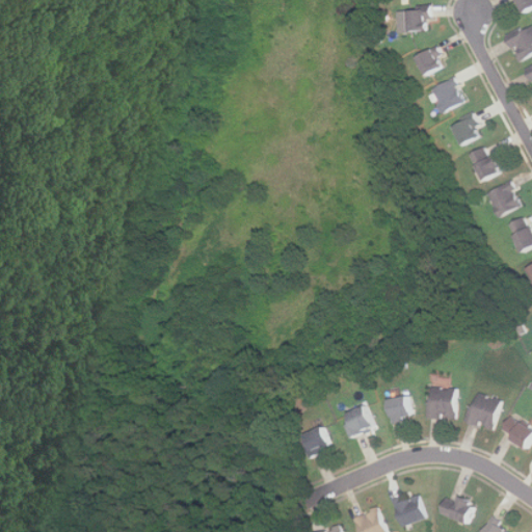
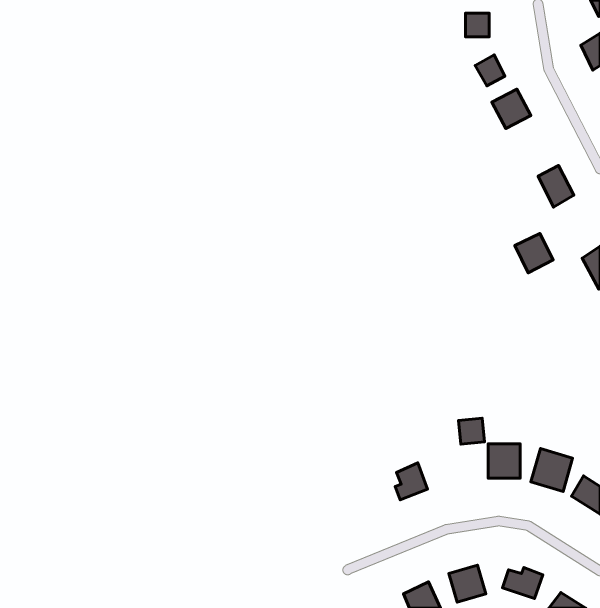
building: [453,116,482,144] -> none
building: [486,183,520,217] -> [515,234,553,273]
building: [387,396,409,419] -> [458,418,485,444]
building: [300,426,330,456] -> none

